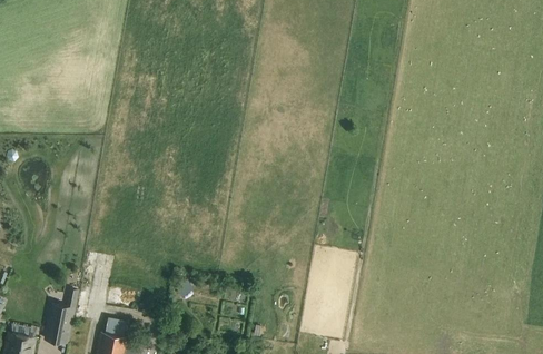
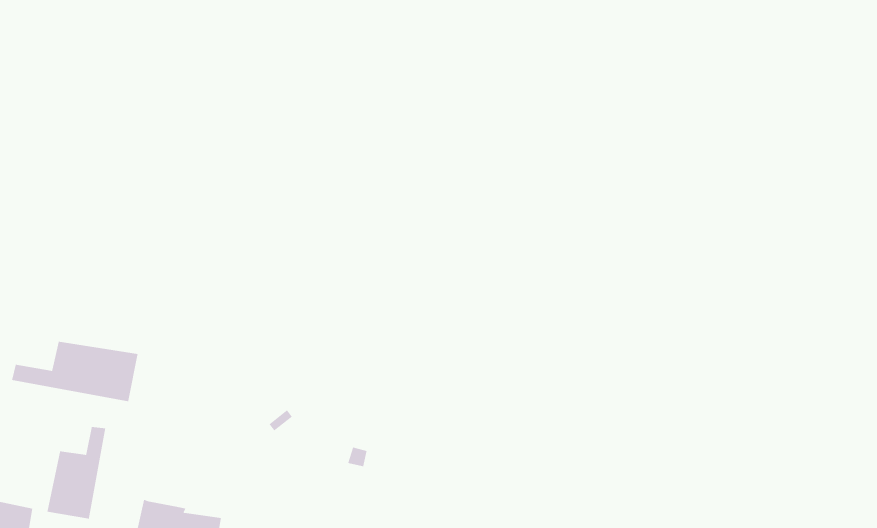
building: none -> [11,341,138,402]

